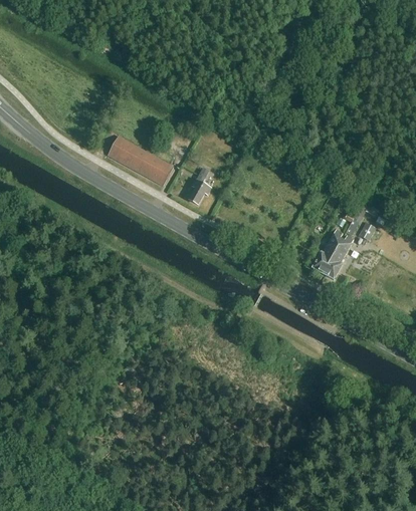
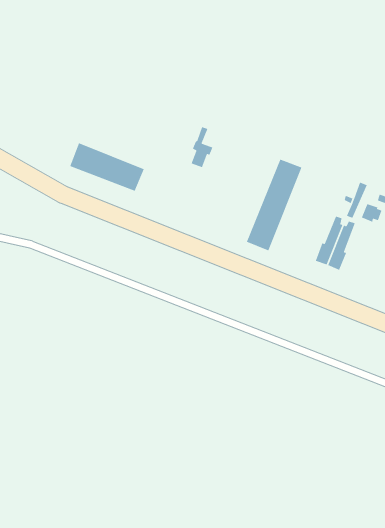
building: [188,167,210,204] -> [191,126,213,168]
building: none -> [246,159,302,252]

